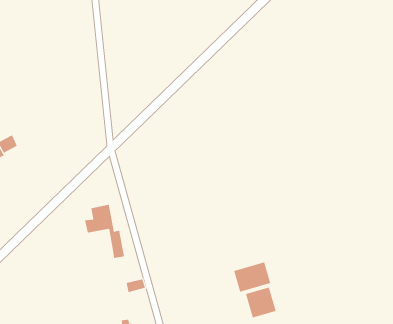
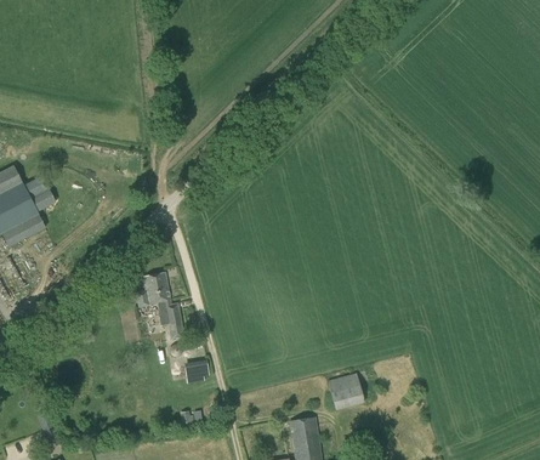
building: [233,261,271,293] -> none

